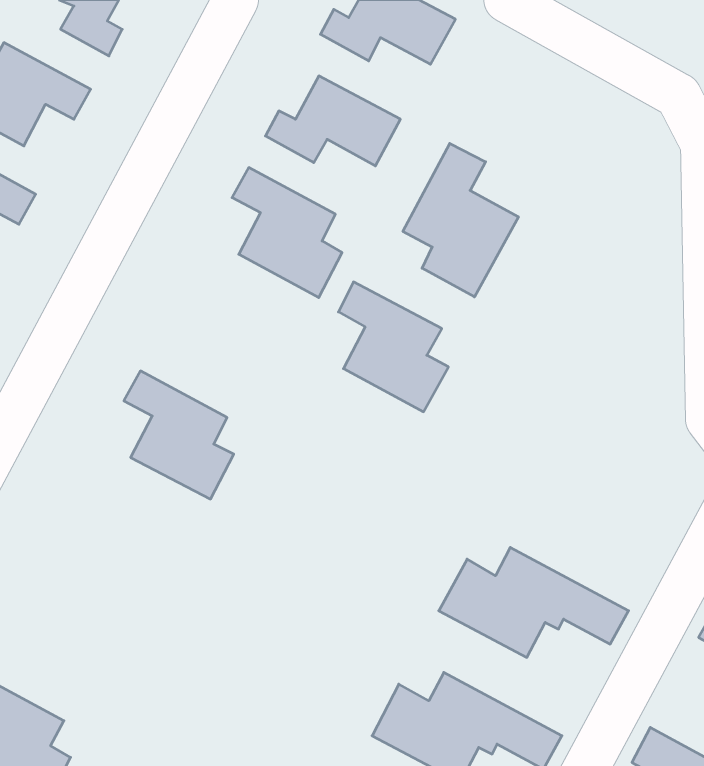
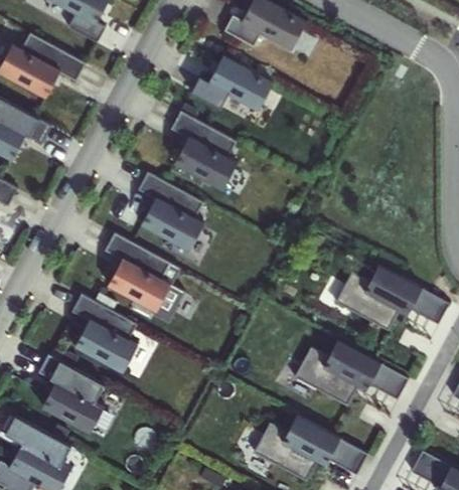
building: [403,143,518,297] -> none
building: [338,282,448,412] -> [137,172,203,251]
building: none -> [335,265,449,331]
building: none -> [70,294,138,372]
building: none -> [38,355,105,434]

